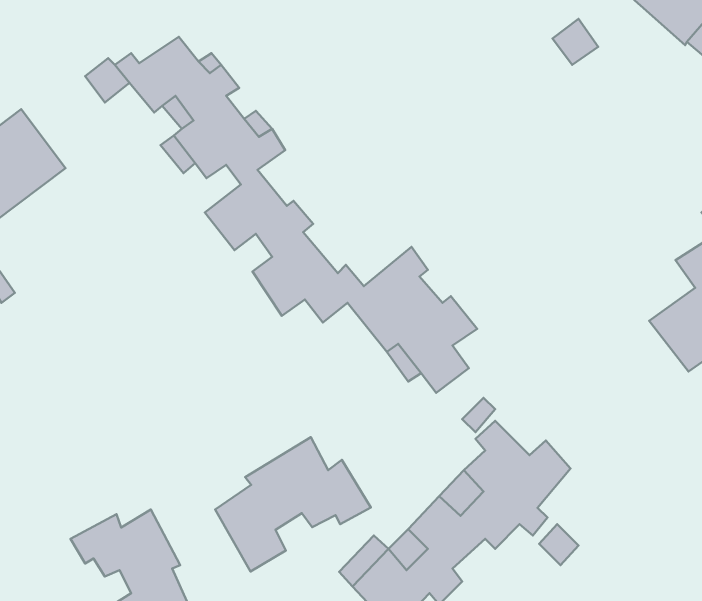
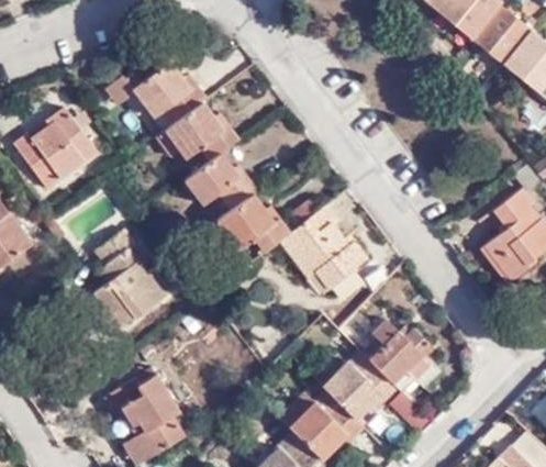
building: none -> [93,234,170,337]
building: [215,437,371,571] -> none

